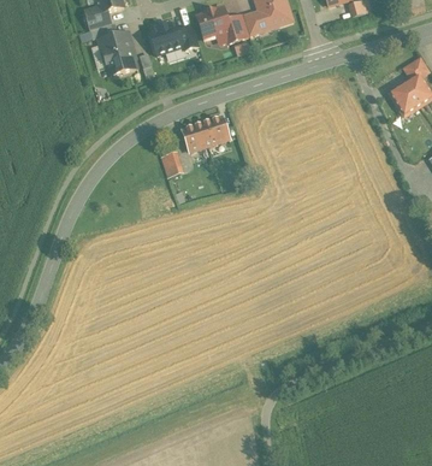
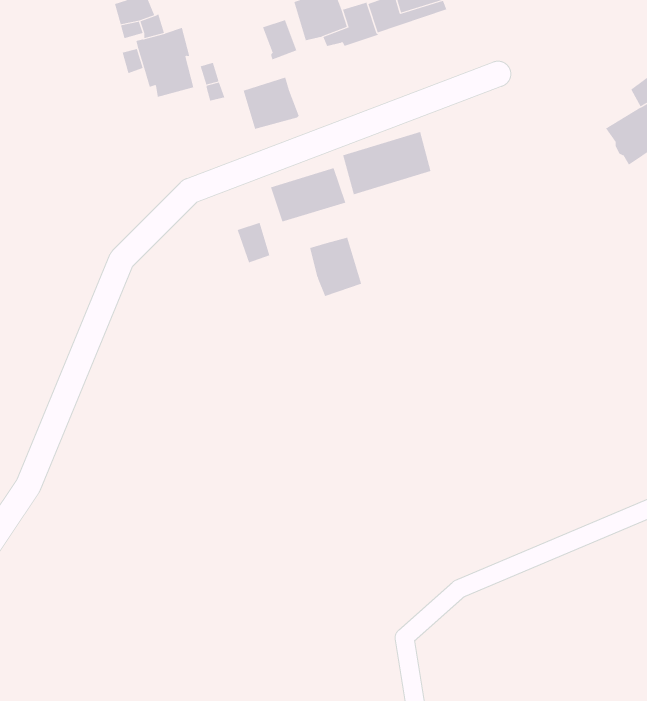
building: [149,22,184,54] -> [243,77,299,129]
building: none -> [343,131,431,195]
building: none -> [309,237,362,297]

